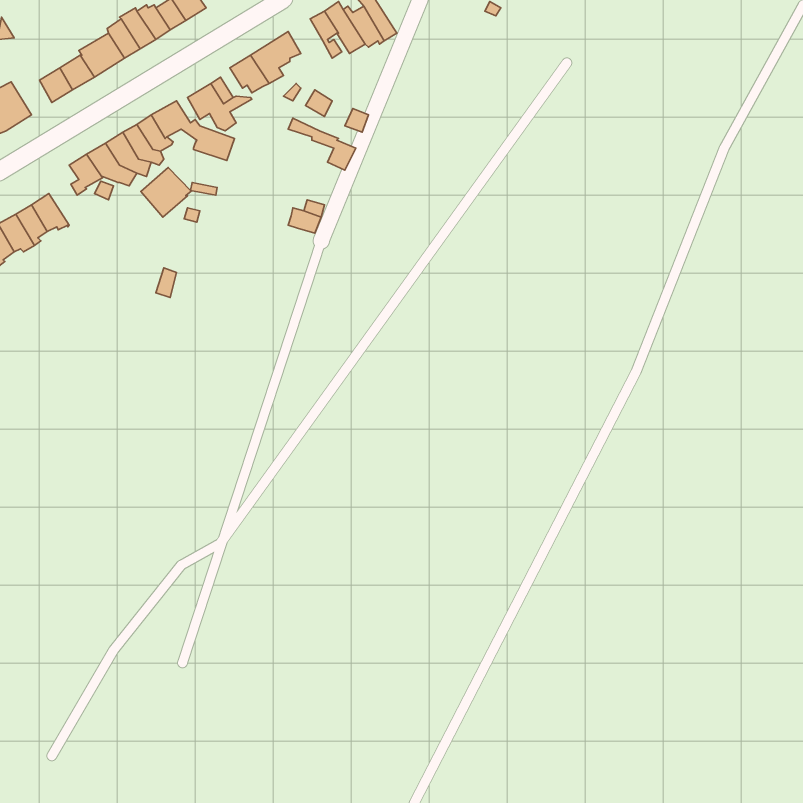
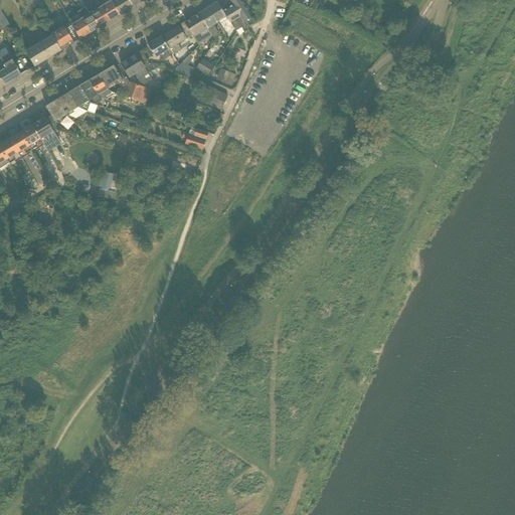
building: none -> [184,12,207,40]
building: [141,167,191,217] -> none
building: none -> [31,116,57,144]

